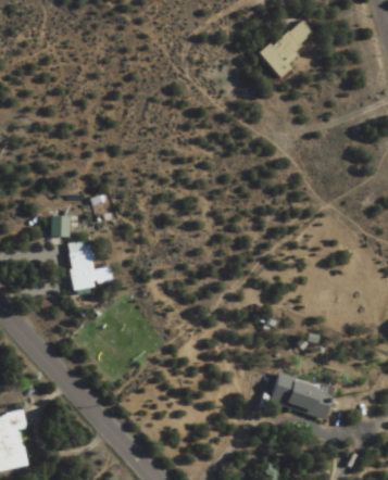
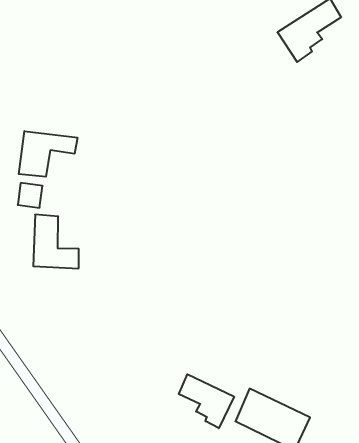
building: none -> [19,131,77,177]
building: none -> [179,374,234,428]

